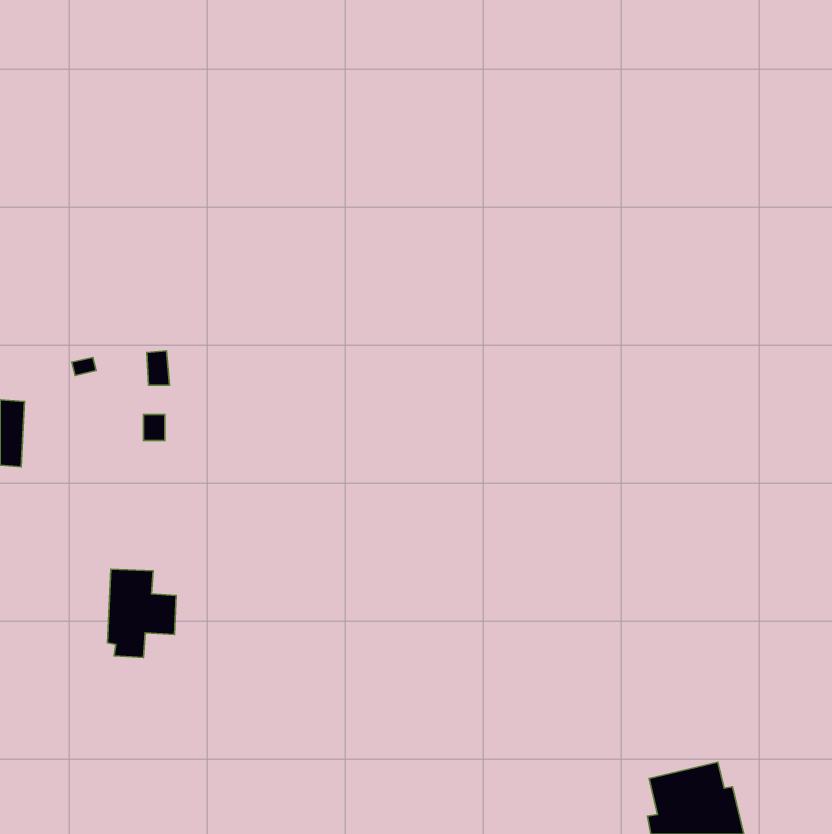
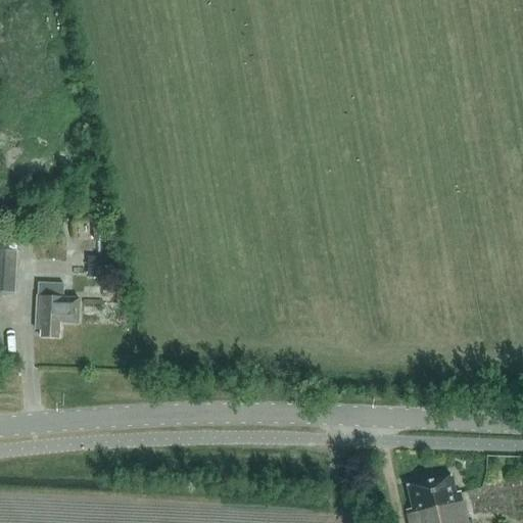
building: [108,569,176,657] -> [36,283,79,338]

